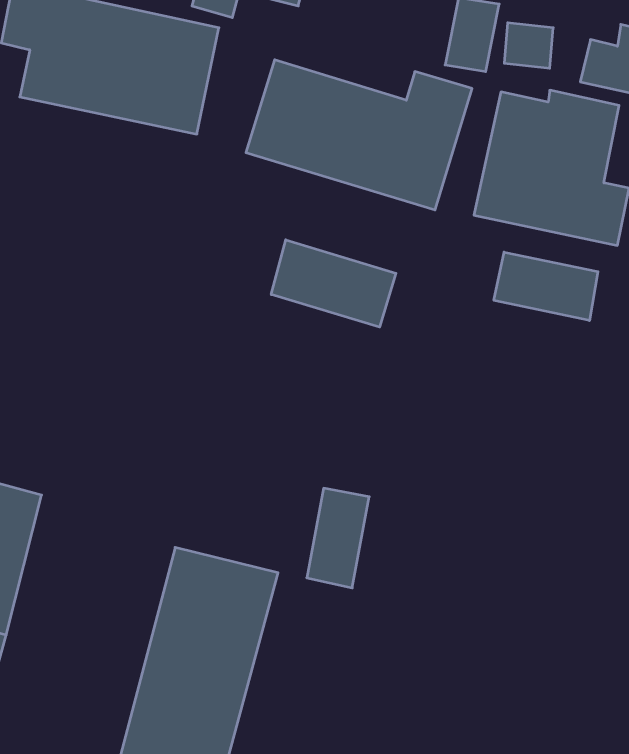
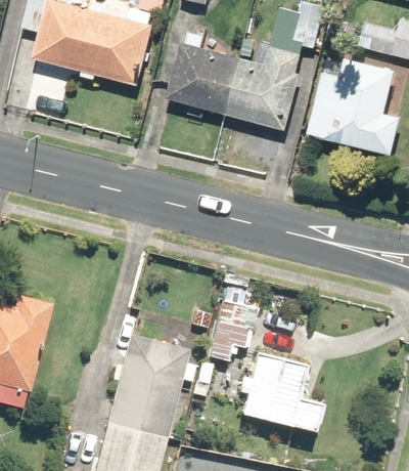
building: [271,240,396,327] -> none
building: [494,252,598,321] -> none
building: none -> [238,354,322,435]

